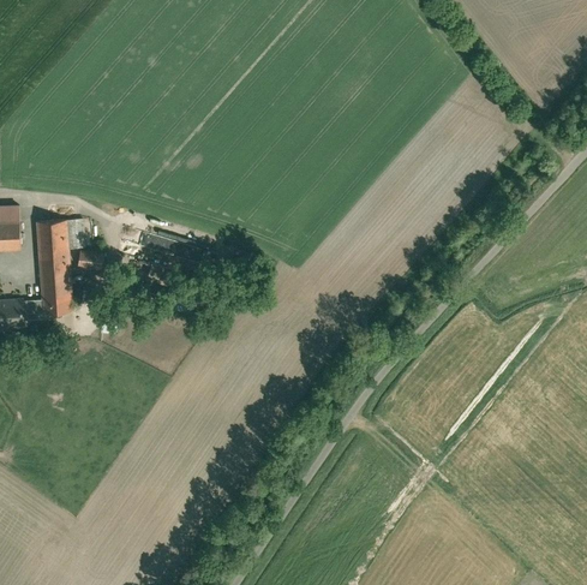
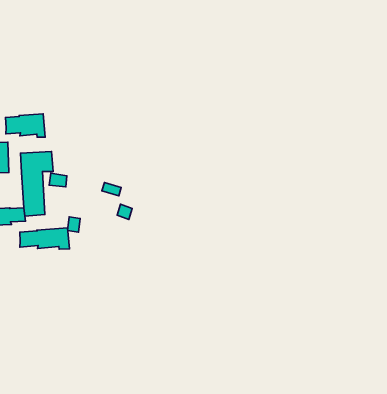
building: none -> [6,114,45,137]
building: none -> [20,228,69,249]

